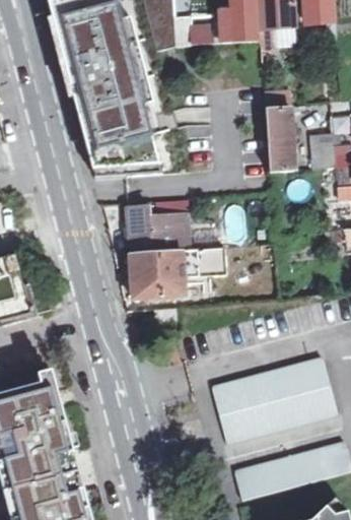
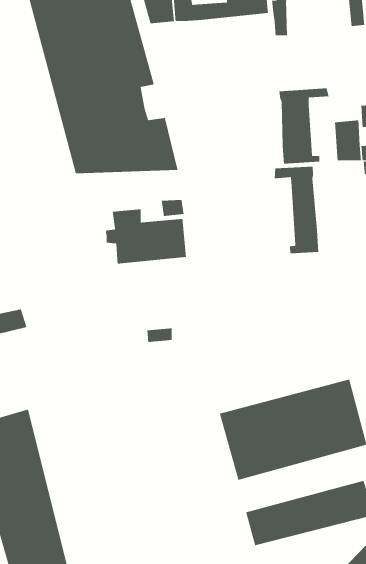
building: none -> [274,166,319,254]
building: [126,246,224,301] -> none

